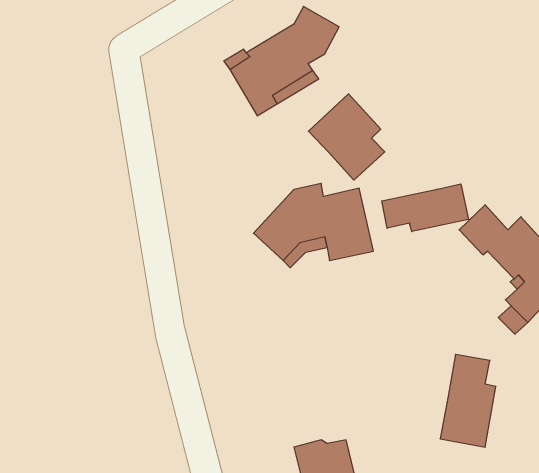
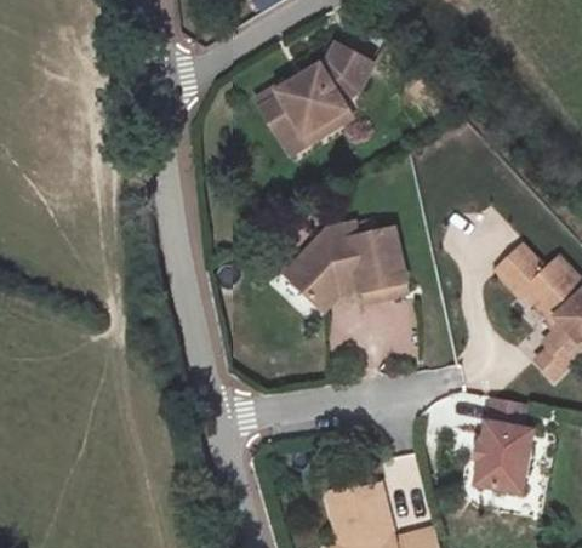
building: [308,94,385,180] -> none
building: [382,184,469,232] -> none

